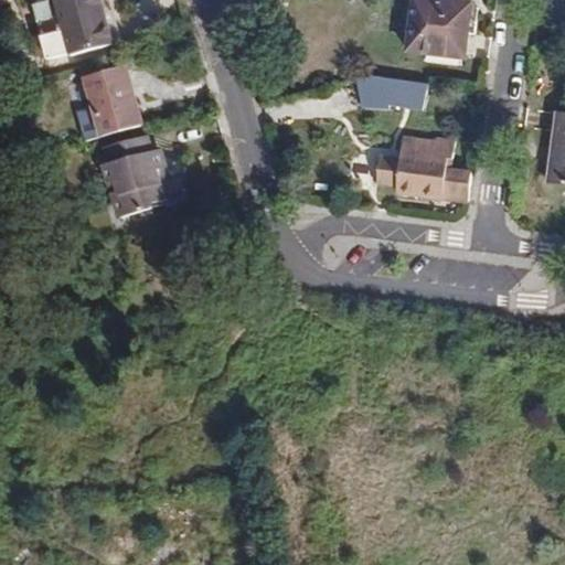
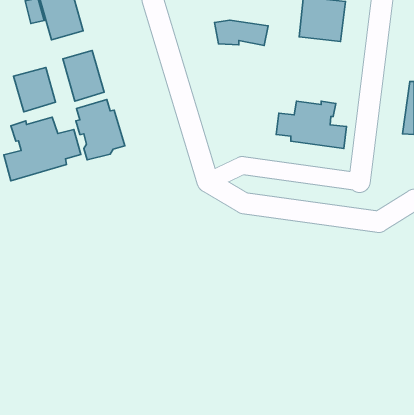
building: [353,74,426,108] -> [214,20,268,45]
building: none -> [14,67,56,112]
building: none -> [4,117,81,181]

